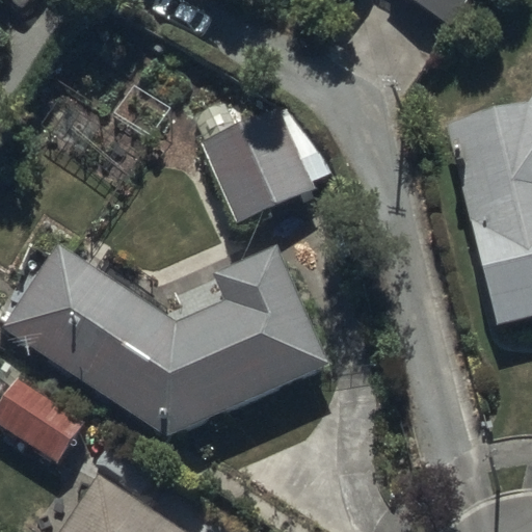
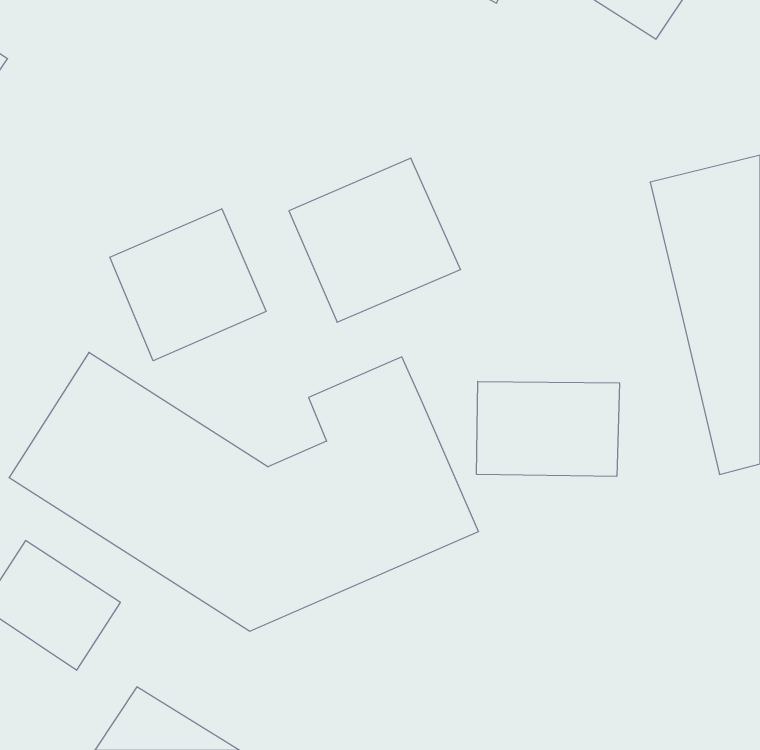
building: none -> [110,209,266,361]
building: none -> [476,381,620,476]

